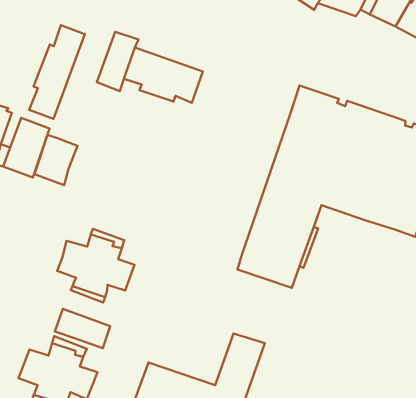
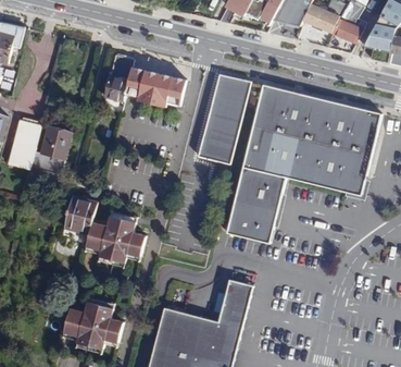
building: [29,25,85,119] -> none
building: none -> [198,75,250,166]
building: [34,135,77,185] -> [65,196,97,234]
building: [55,309,110,348] -> none

